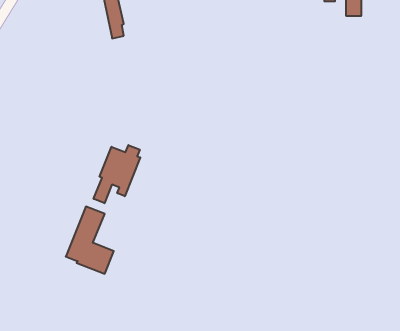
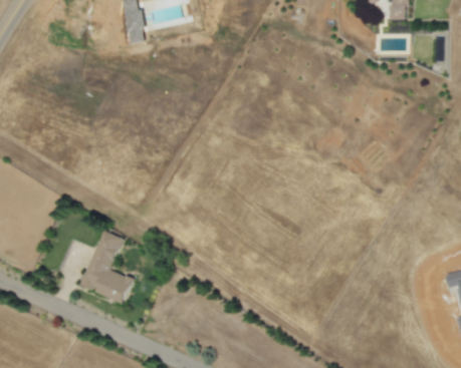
building: [94,145,140,203] -> none

